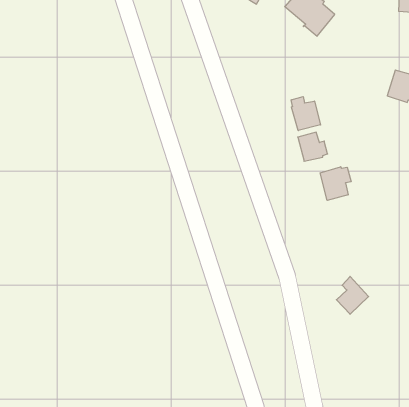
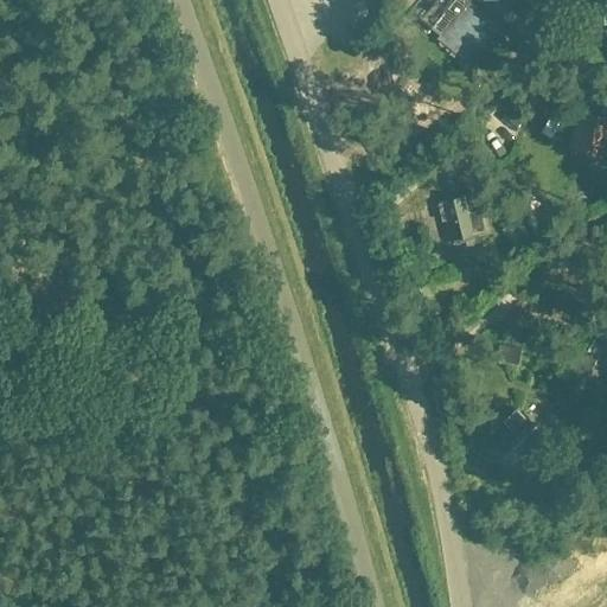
building: [291,97,321,131] -> none
building: [320,167,351,200] -> none

